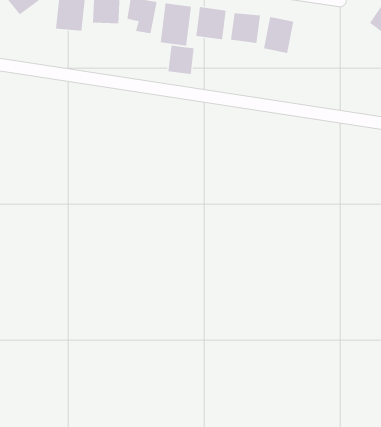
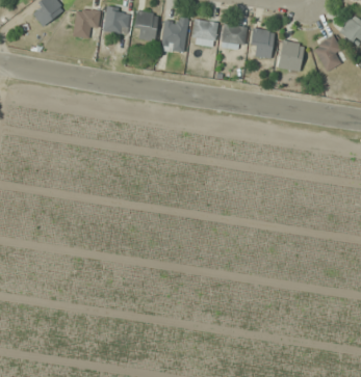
building: none -> [313,35,341,71]
building: none -> [277,41,304,72]
building: [168,45,194,75] -> none

